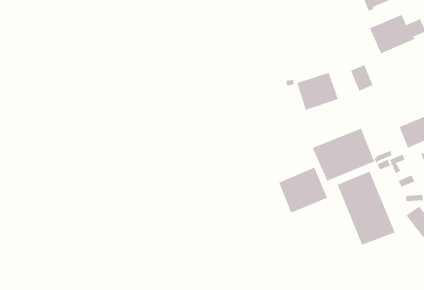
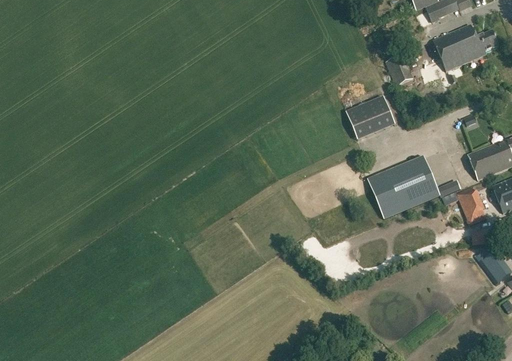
building: [350,64,374,91] -> [386,54,413,85]
building: [279,167,328,214] -> none
building: [337,171,396,246] -> none

